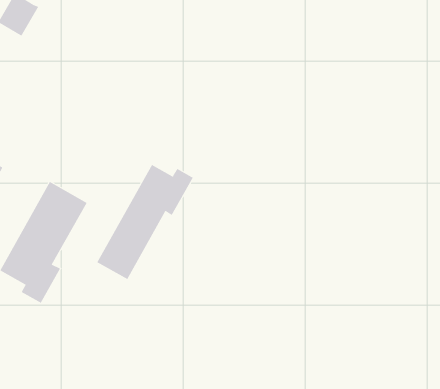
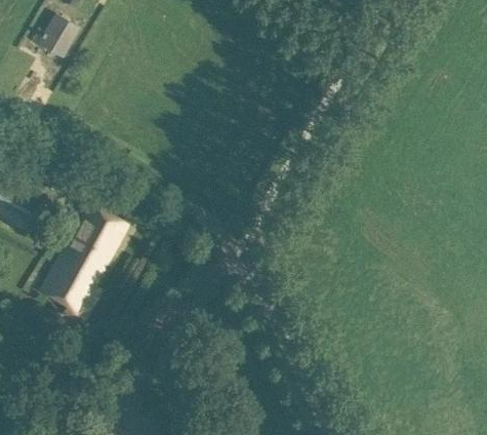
building: [97,164,193,280] -> none

